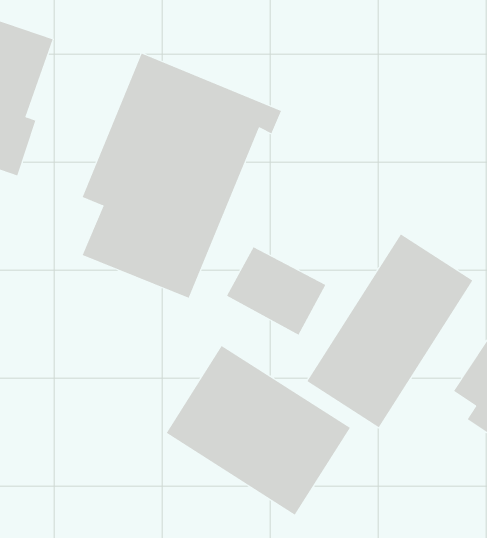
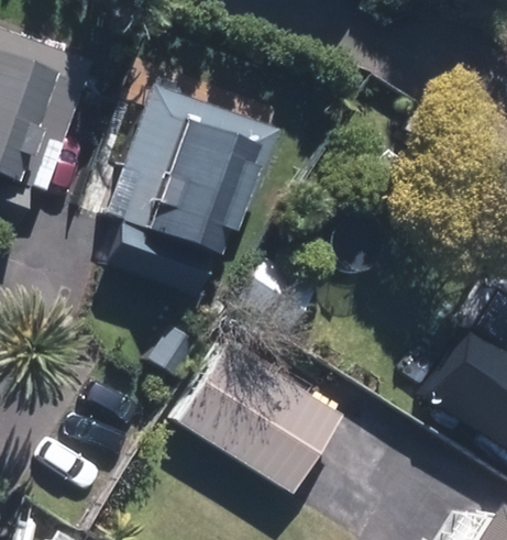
building: [307,234,473,428] -> none

